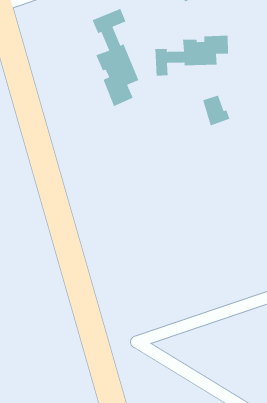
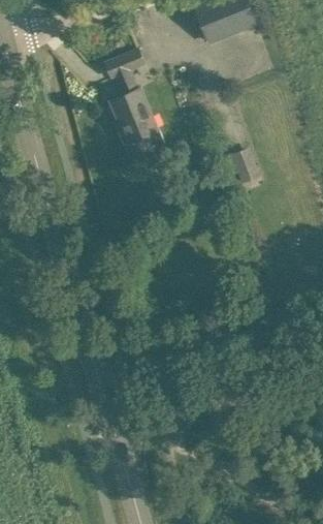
building: [154,35,229,76] -> none

